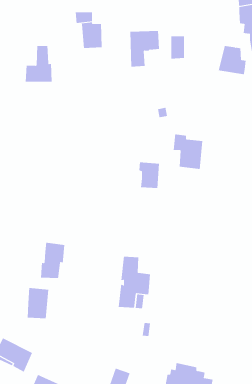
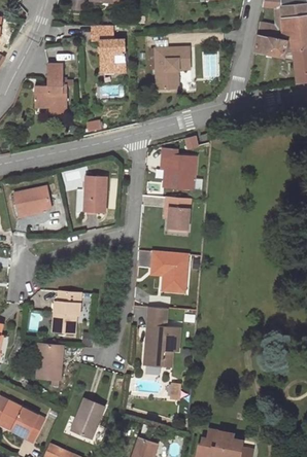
building: [218,45,246,75] -> [254,22,287,56]
building: [173,134,203,169] -> [161,147,196,188]
building: none -> [84,176,107,211]
building: none -> [14,186,50,216]
building: none -> [151,251,187,291]
building: none -> [71,398,104,437]

